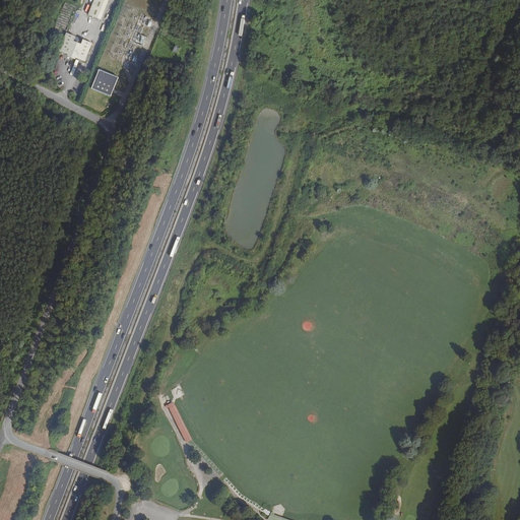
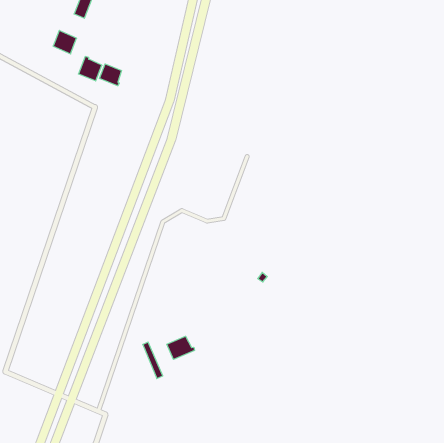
building: none -> [99,64,121,86]
building: none -> [167,336,194,359]

